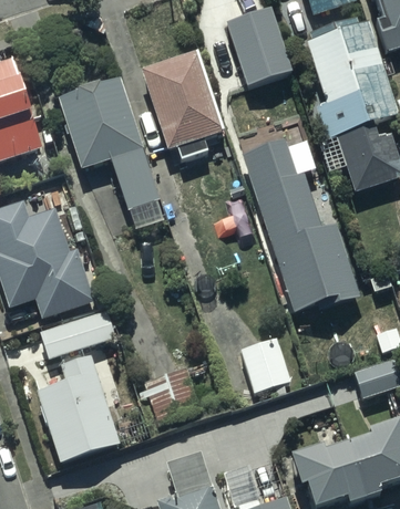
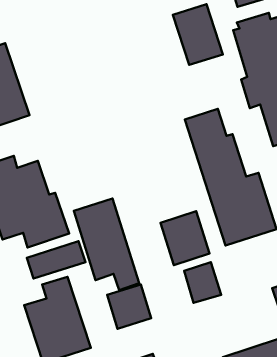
building: [140,51,224,160] -> none
building: [59,77,160,211] -> none
building: none -> [74,198,139,290]
building: none -> [161,211,209,265]

